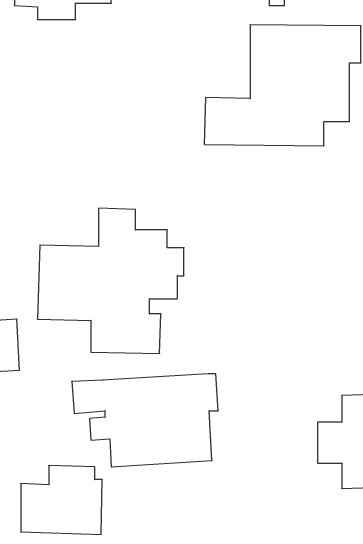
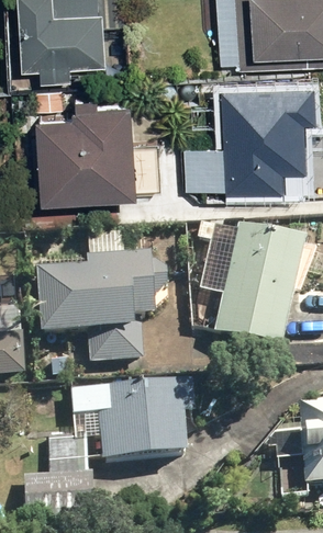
building: none -> [38,92,155,188]
building: none -> [208,219,305,340]

